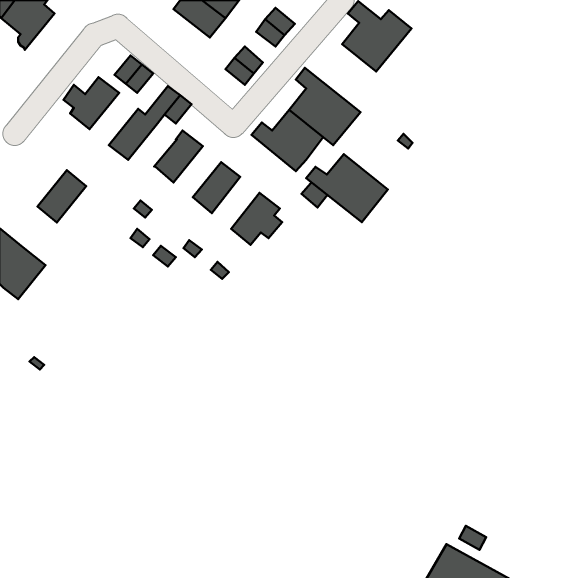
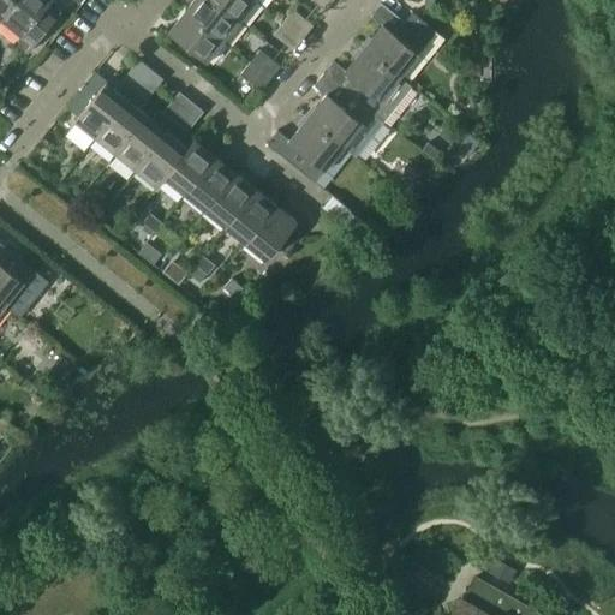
building: none -> [167,11,222,62]
building: none -> [136,132,187,187]
building: none -> [184,156,234,210]
building: [306,154,388,222] -> [323,48,410,120]
building: [37,170,86,222] -> [95,100,147,155]
building: none -> [225,189,275,244]

